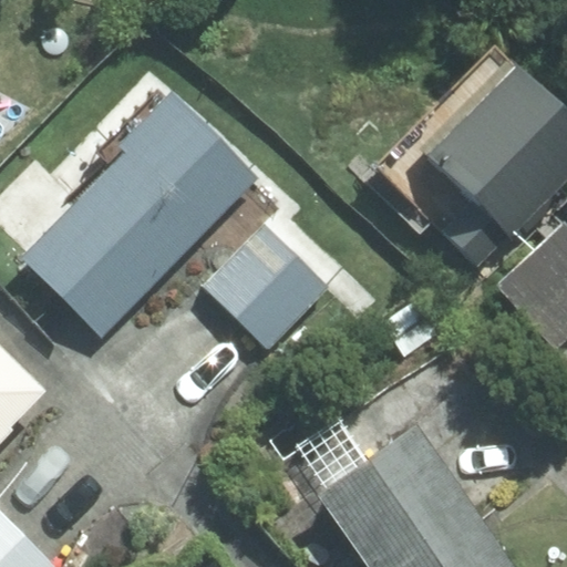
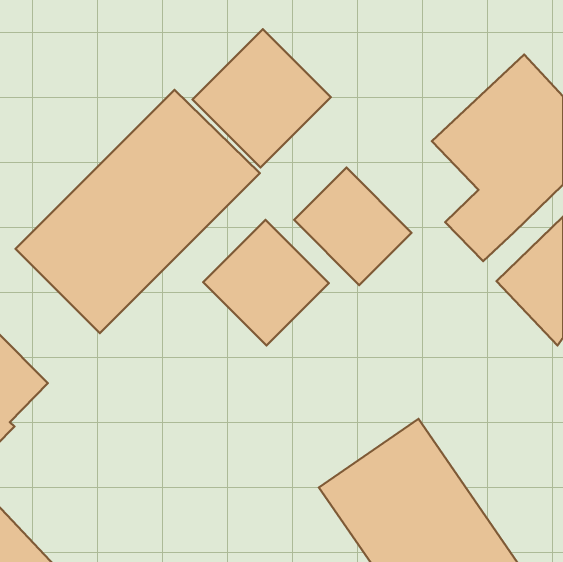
building: none -> [192,29,331,168]
building: none -> [294,168,412,285]

